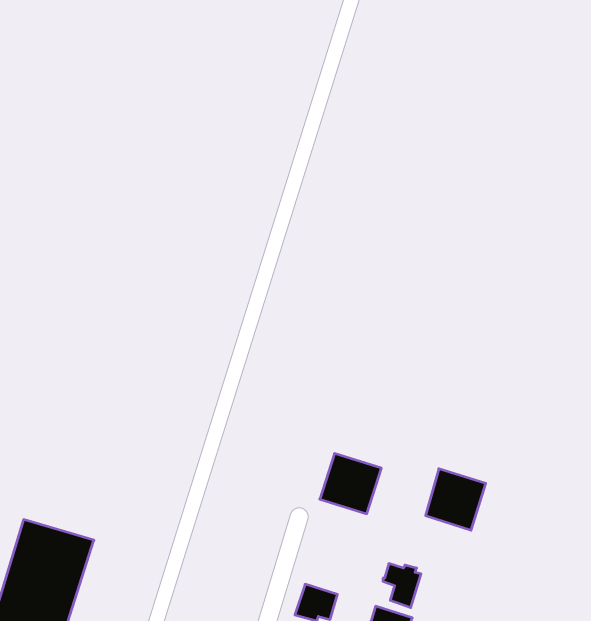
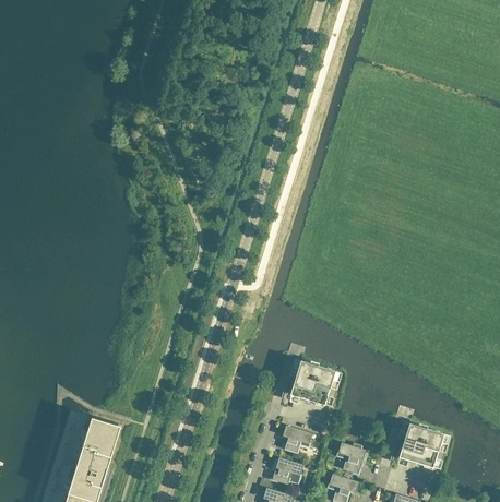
building: [426,469,486,530] -> [400,422,444,468]
building: none -> [282,425,312,453]

